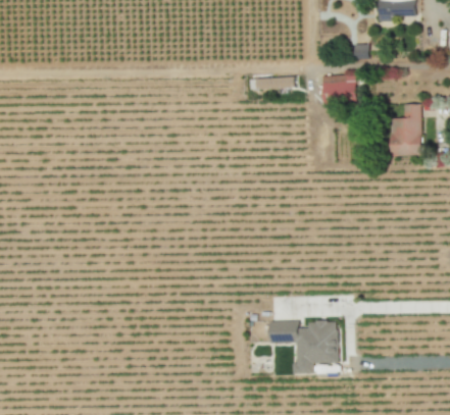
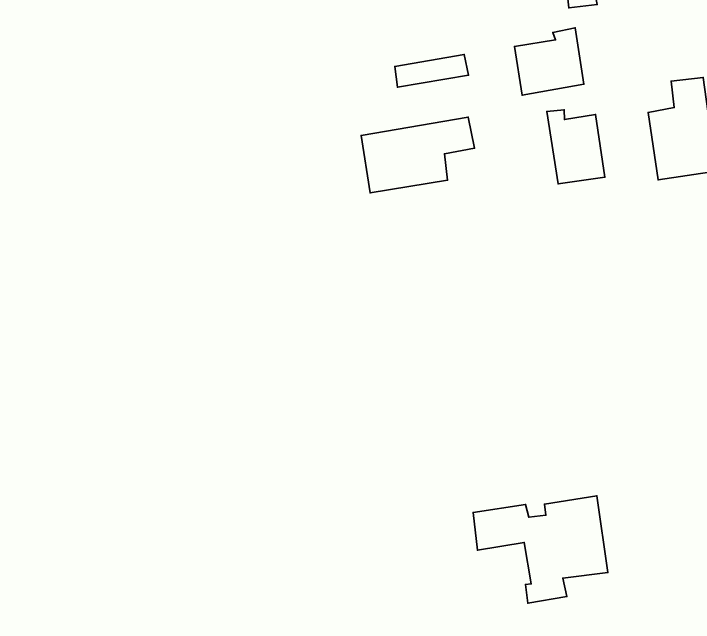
building: none -> [361,117,474,193]
building: none -> [547,110,605,184]

